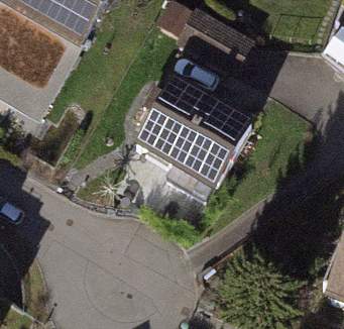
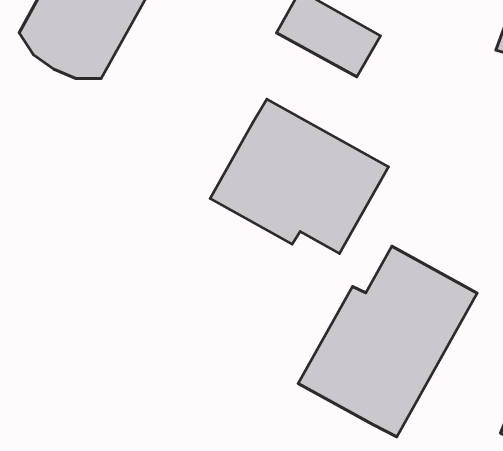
building: none -> [298,246,477,437]

